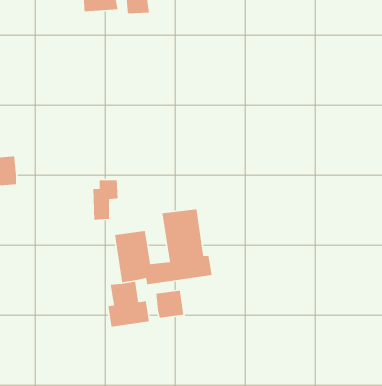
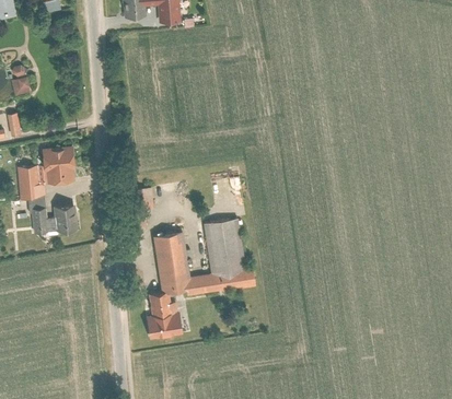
building: none -> [47,146,82,184]
building: none -> [44,204,80,231]
building: [155,290,184,319] -> none

